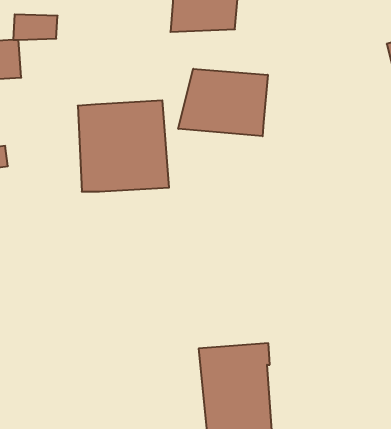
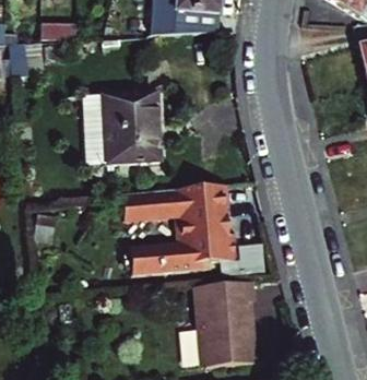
building: [178,69,268,136] -> none
building: none -> [127,187,237,272]

